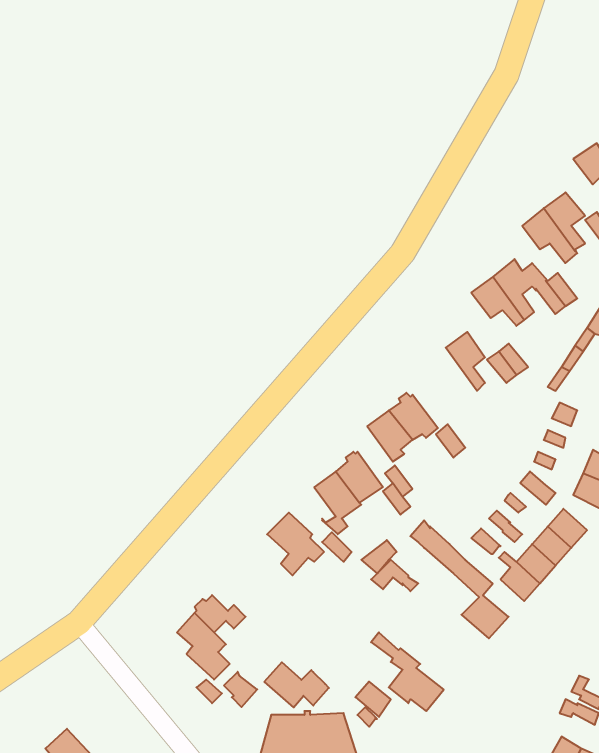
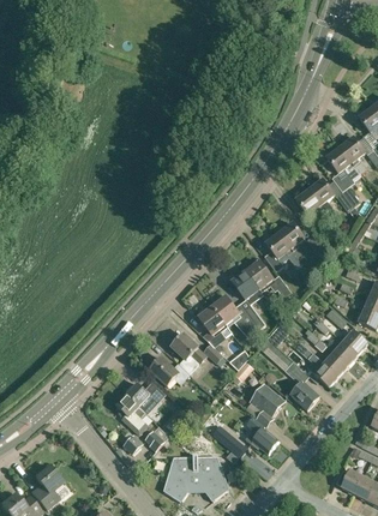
building: none -> [264,232,302,270]
building: none -> [248,383,284,426]
building: [264,662,329,707] -> [149,358,188,385]

